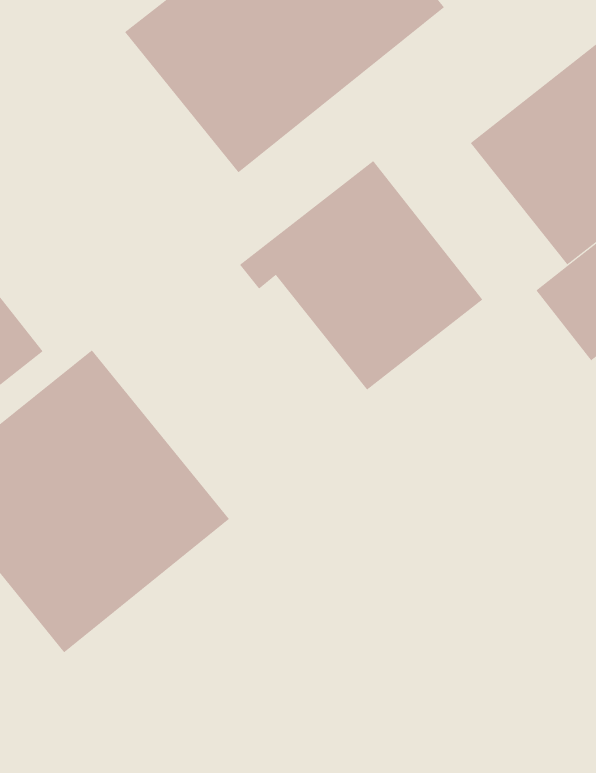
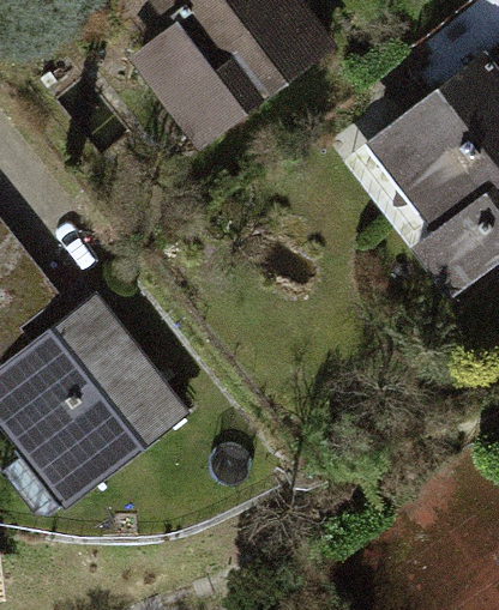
building: [239,160,483,390] -> none

